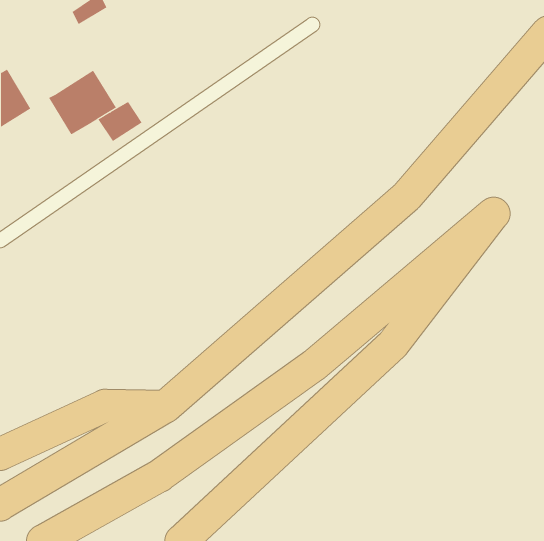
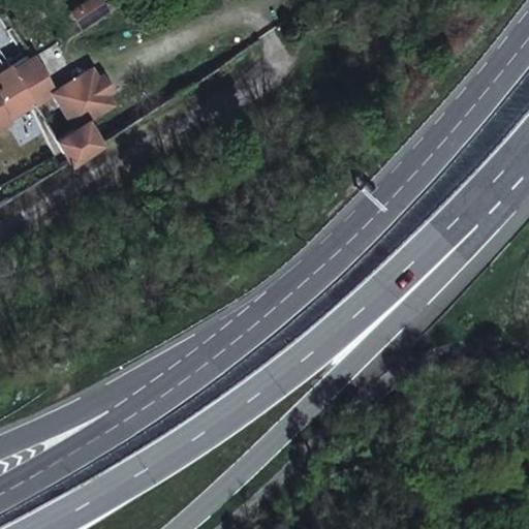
building: none -> [11,54,57,104]
building: [97,101,142,142] -> [60,120,103,159]

